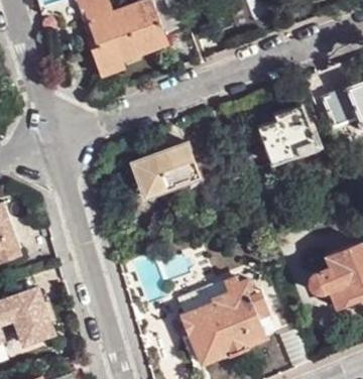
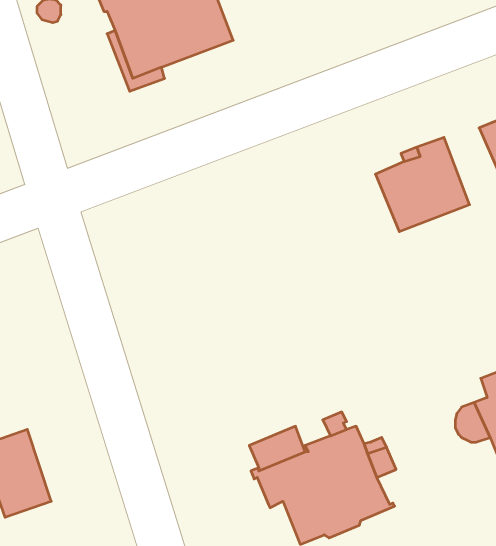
building: [130,142,201,200] -> none

